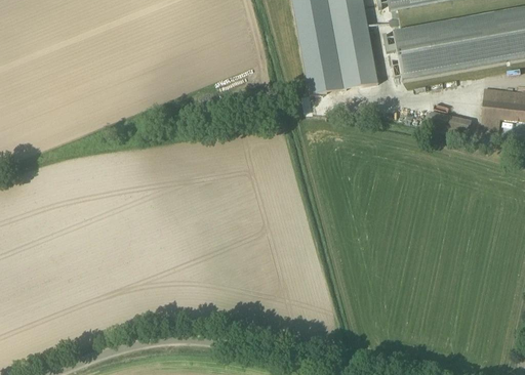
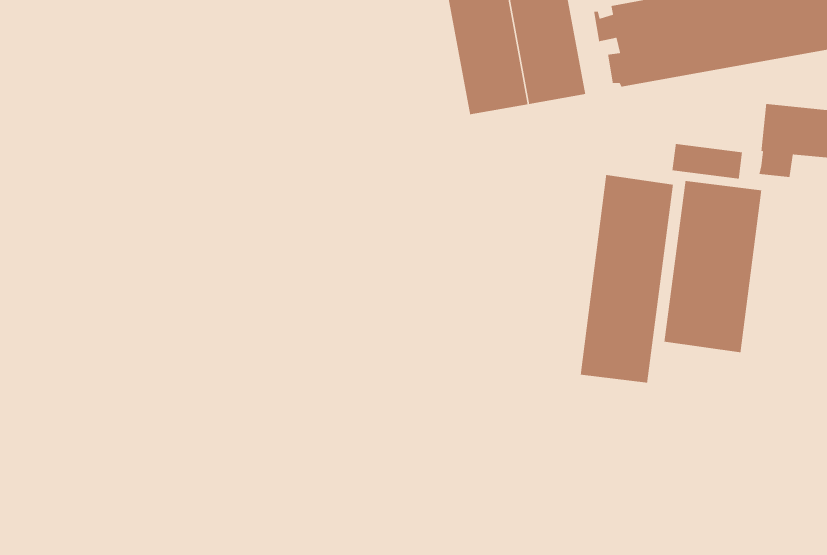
building: none -> [580,174,674,383]
building: none -> [664,180,762,353]

